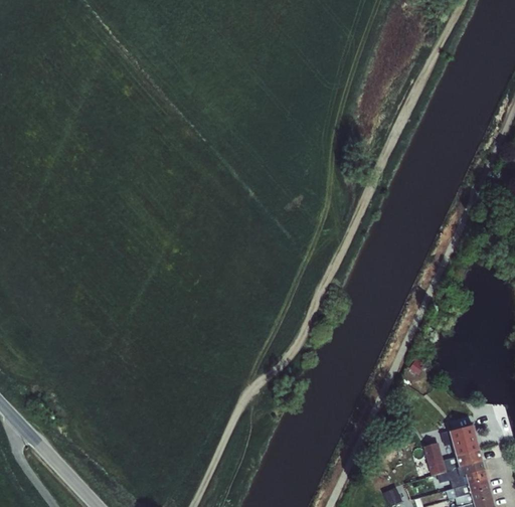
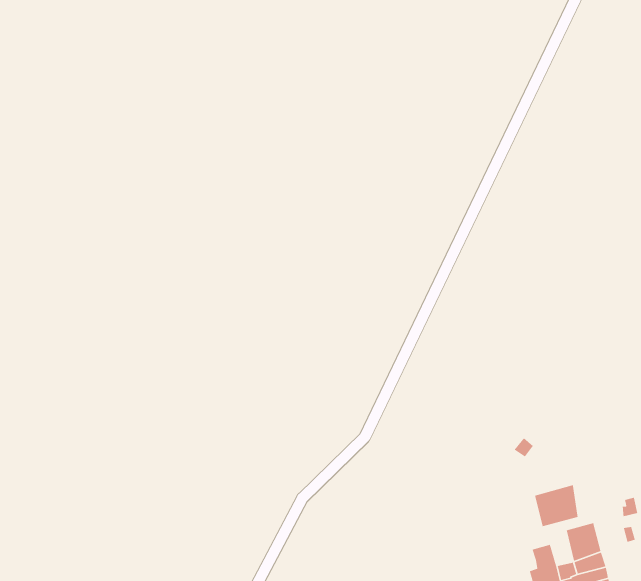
building: none -> [534,484,579,527]

